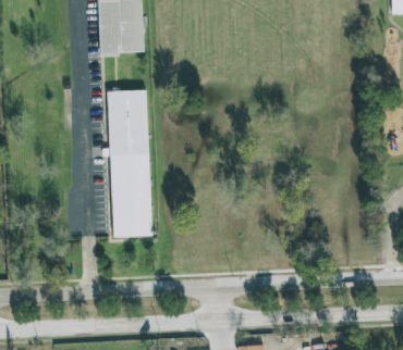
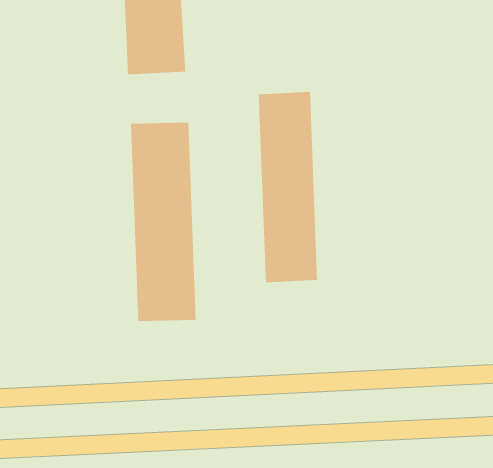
building: none -> [258,91,318,283]

